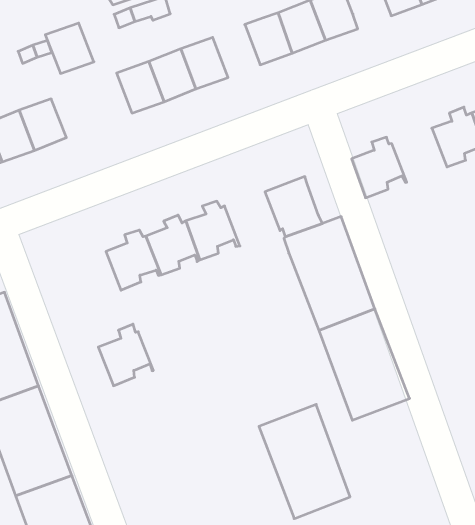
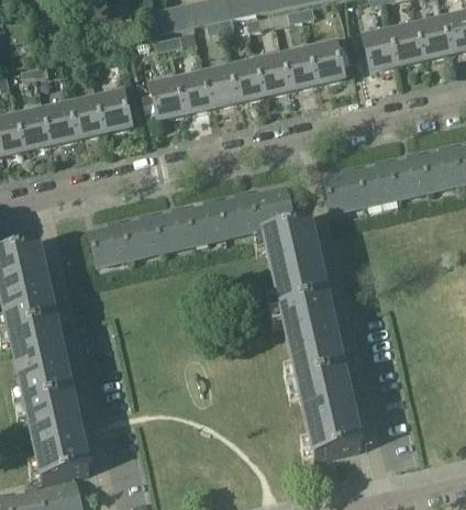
building: [45,23,94,73] -> [97,92,132,130]
building: none -> [230,60,264,100]
building: none -> [358,156,399,201]
building: none -> [221,188,262,233]
building: [98,324,153,386] -> [90,217,131,263]
building: [259,404,350,519] -> [298,370,362,457]

